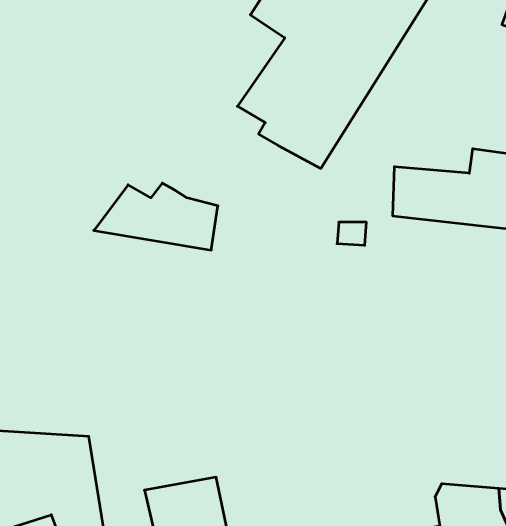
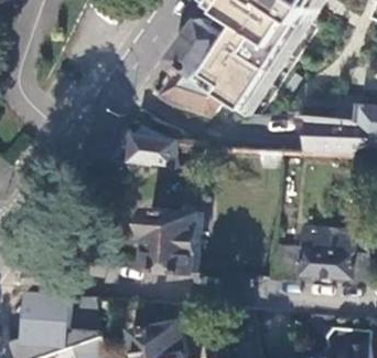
building: none -> [149,18,219,118]
building: none -> [144,210,197,274]
building: none -> [270,228,367,282]

